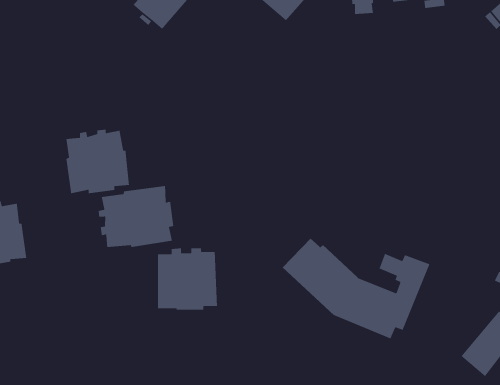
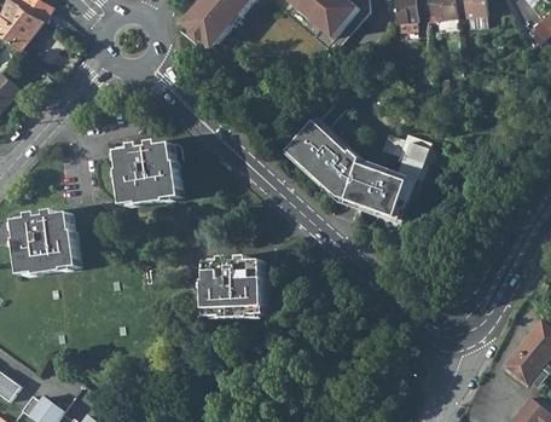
building: [98,185,174,248] -> none
building: [282,238,430,339] -> [289,121,434,220]

